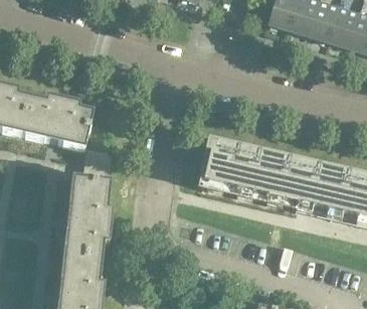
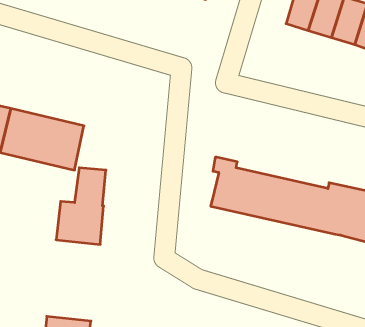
building: [60,210,107,281] -> none

